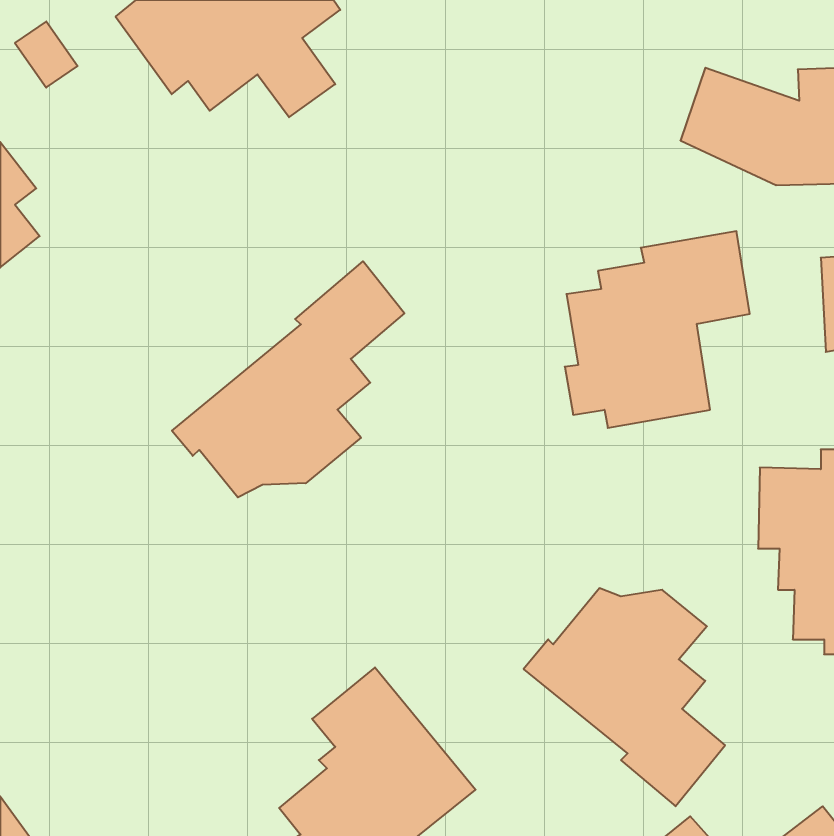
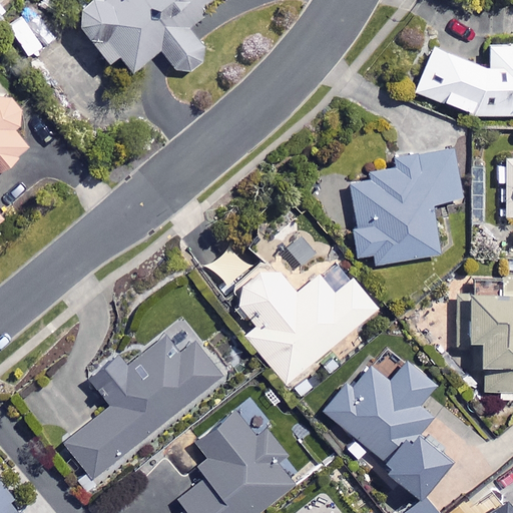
building: [172,261,404,497] -> none
building: none -> [236,270,380,386]
building: none -> [65,337,223,480]

